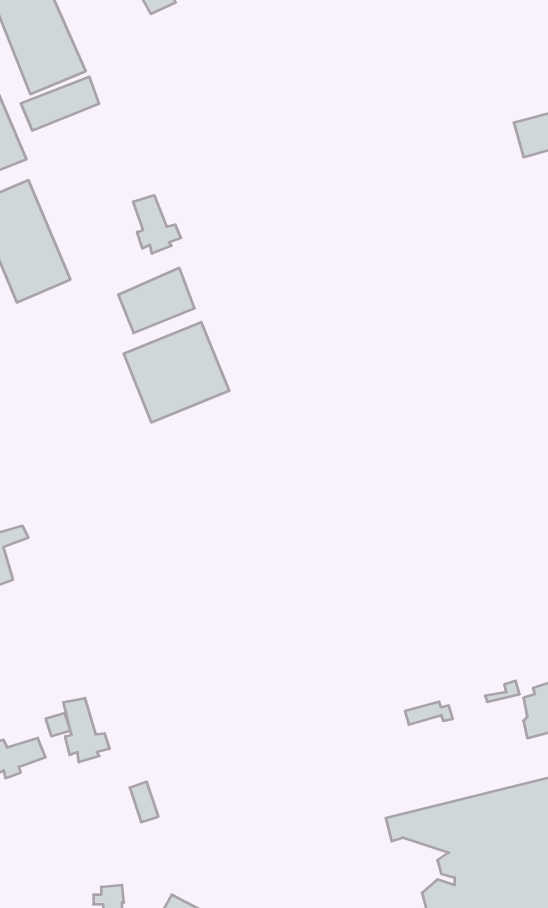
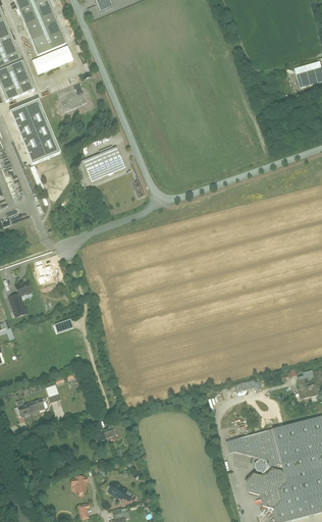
building: [133,195,181,254] -> none
building: [124,322,229,422] -> none
building: [63,698,109,762] -> none

